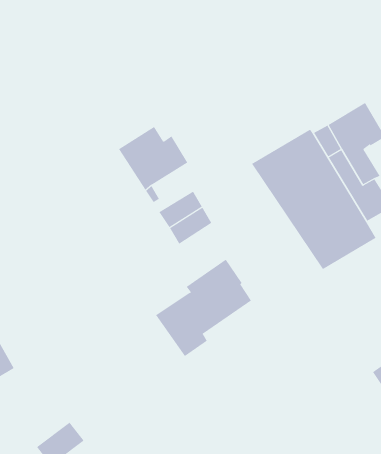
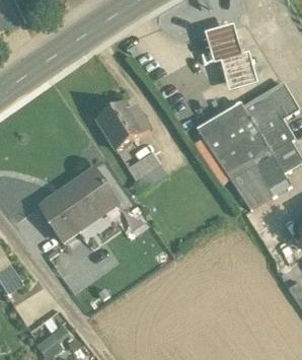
building: none -> [204,23,257,90]
building: [155,259,252,357] -> [41,166,114,240]

